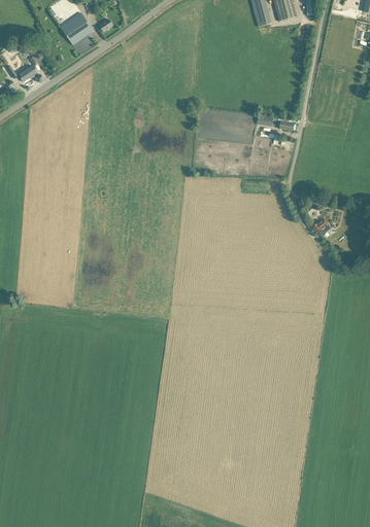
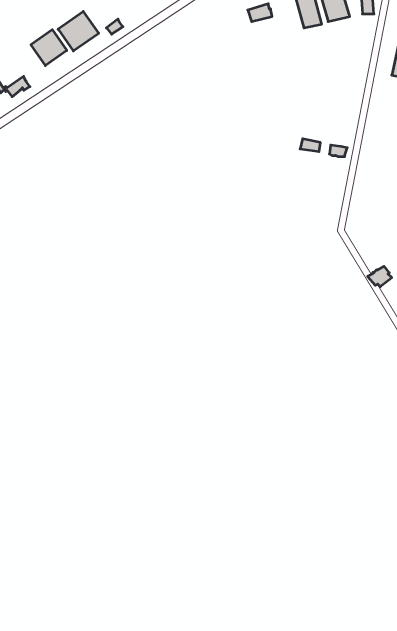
building: none -> [31,30,67,66]

